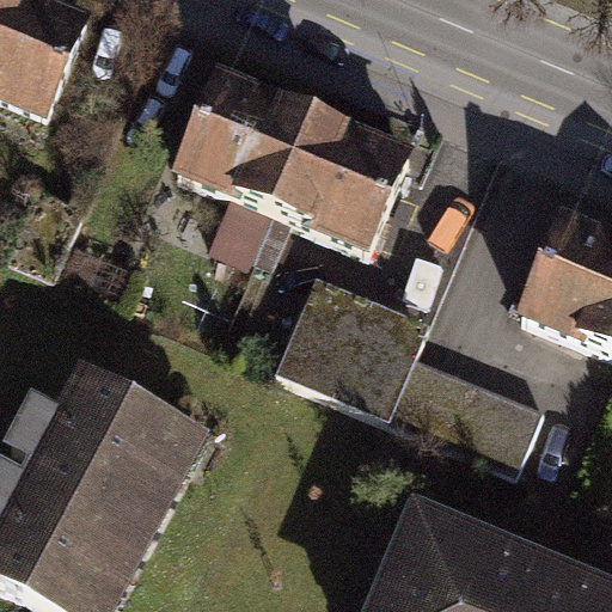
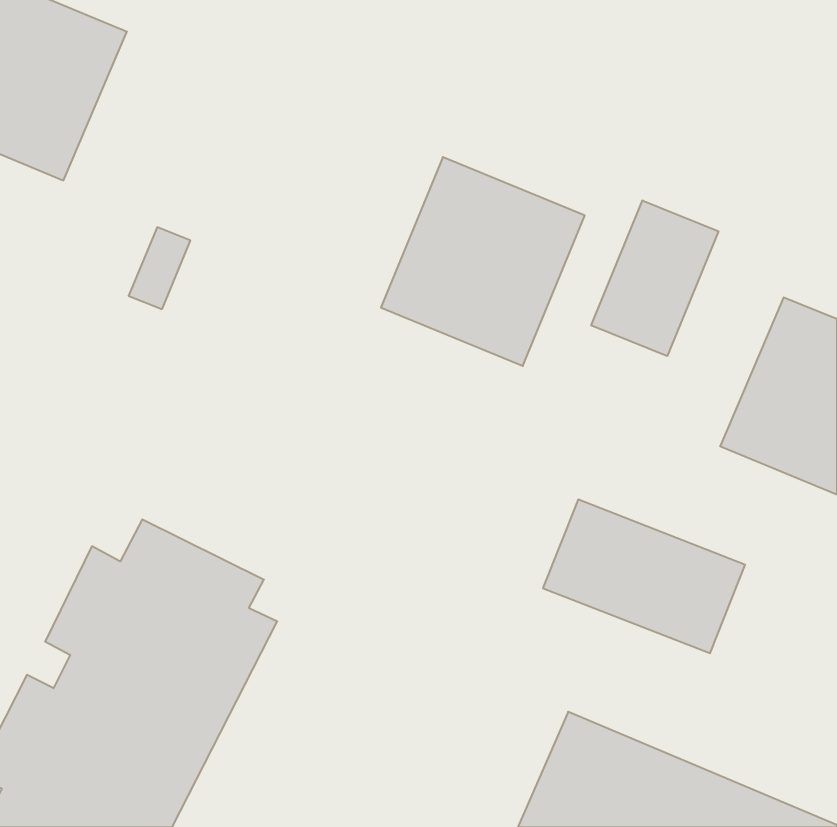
building: [171,71,317,220] -> none
building: none -> [591,200,718,356]
building: [268,280,426,421] -> none

